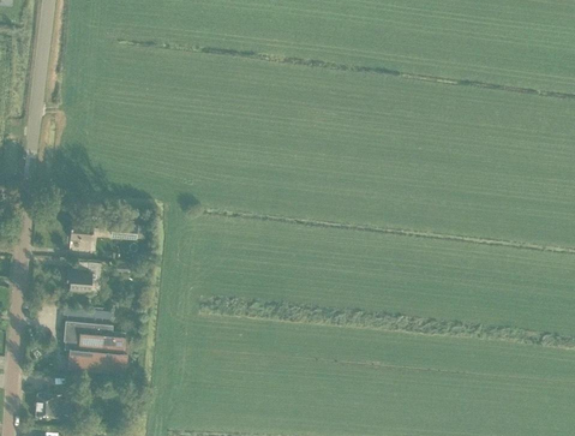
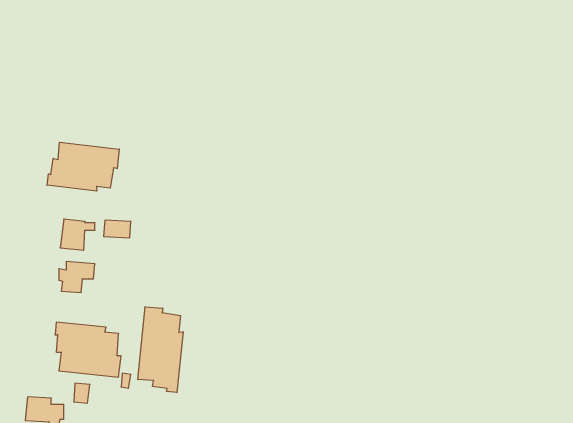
building: none -> [47,142,119,191]
building: none -> [138,307,183,393]

